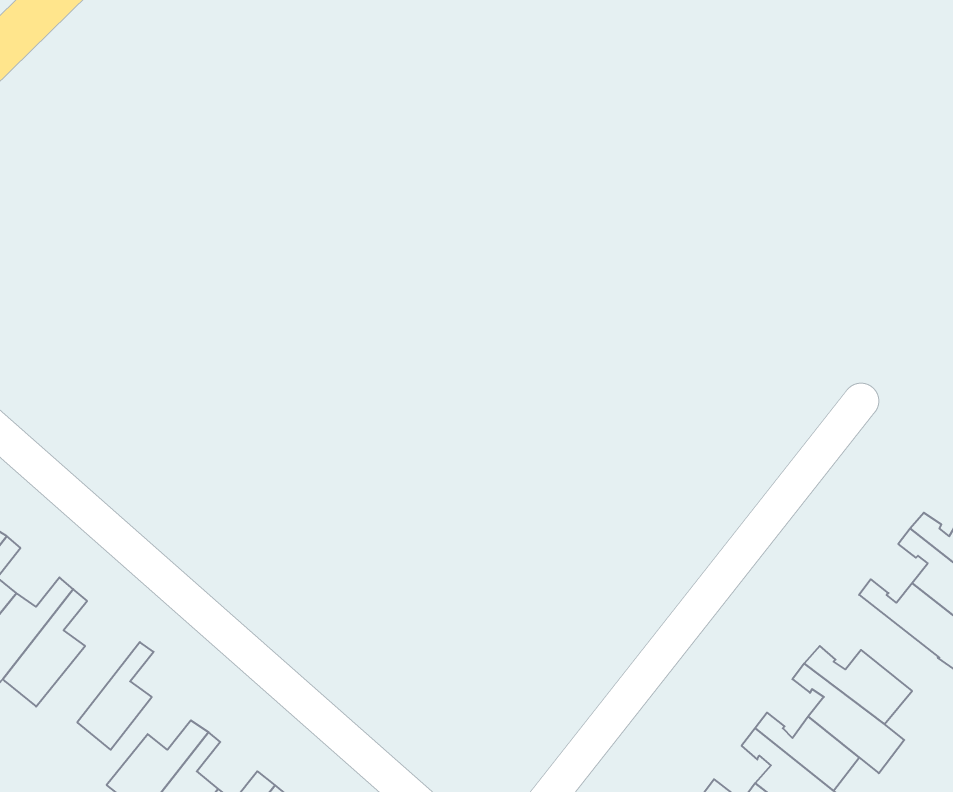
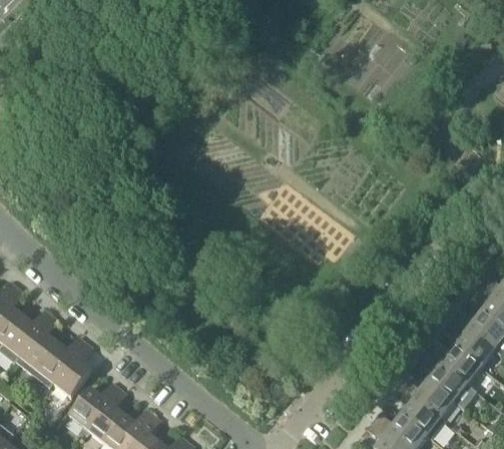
building: none -> [446,317,494,366]
building: none -> [32,335,85,387]

